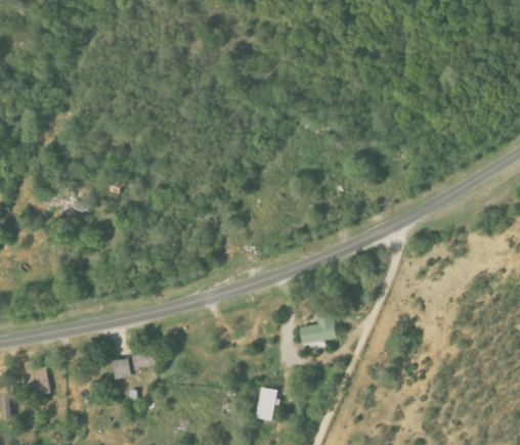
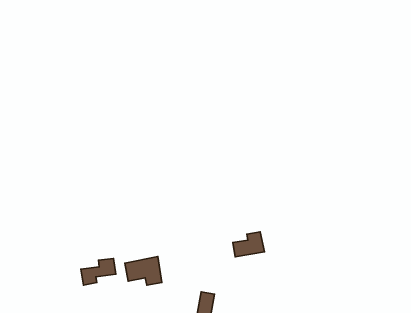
building: none -> [125,257,162,285]
building: [23,361,49,396] -> none

